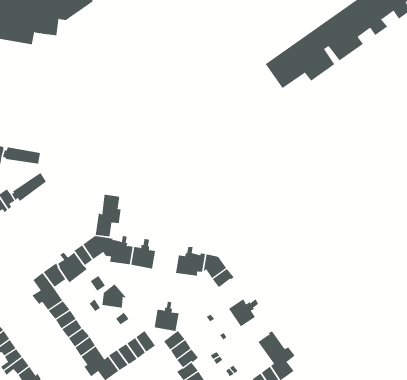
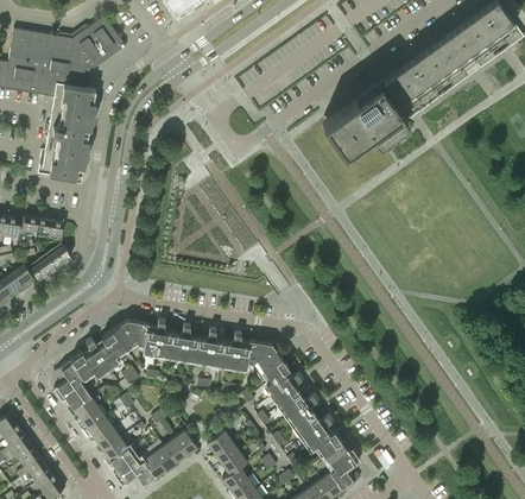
building: none -> [38,83,96,178]
building: [95,194,121,237] -> none
building: none -> [266,369,303,405]
building: [102,284,127,308] -> none
building: [154,301,179,332] -> [195,328,224,364]
building: none -> [297,415,334,448]

